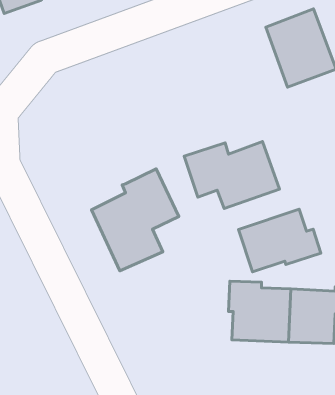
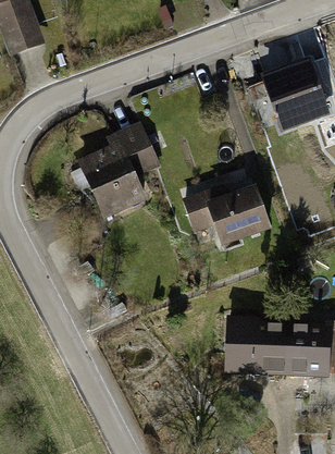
building: [91,169,179,271] -> [77,120,161,218]
building: [239,209,321,272] -> none

